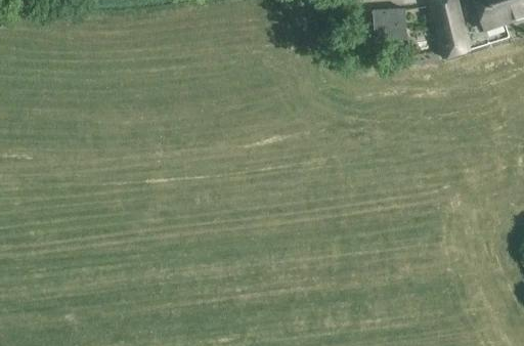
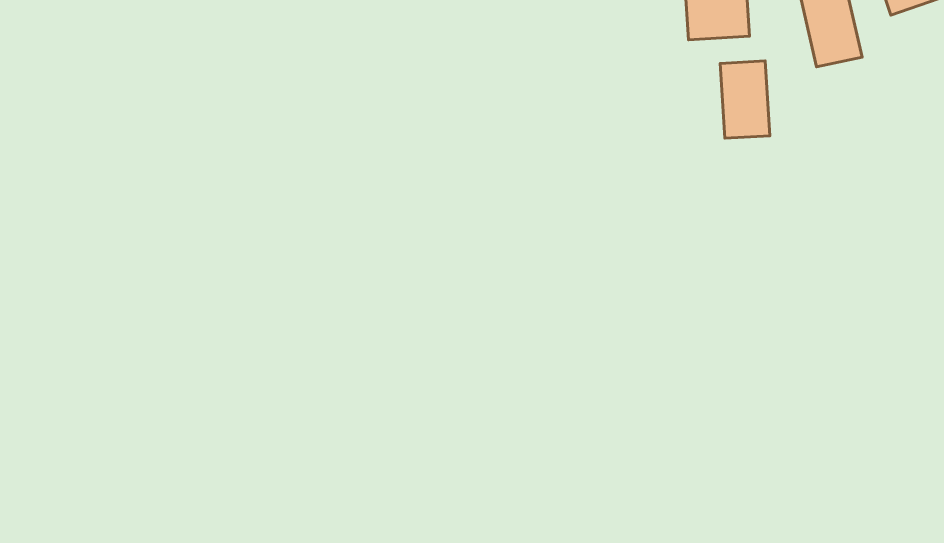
building: none -> [720,61,770,138]

